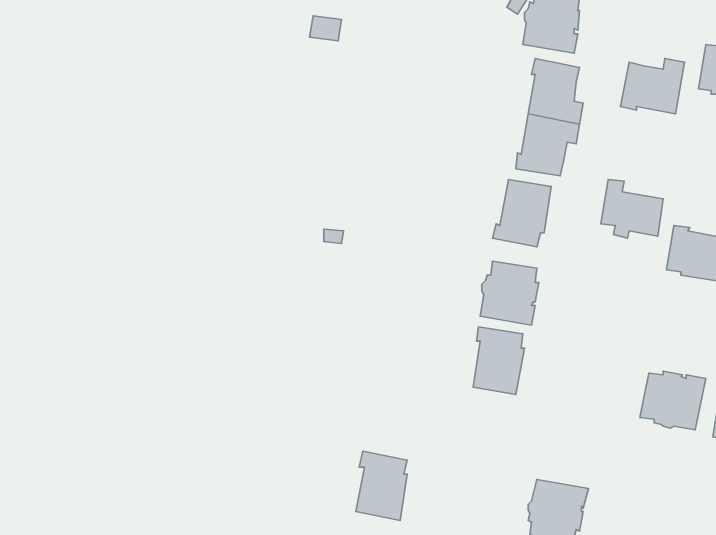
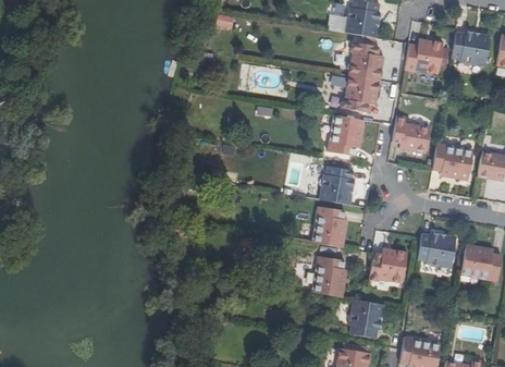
building: none -> [369,249,408,283]
building: [356,451,407,520] -> [313,254,345,296]

